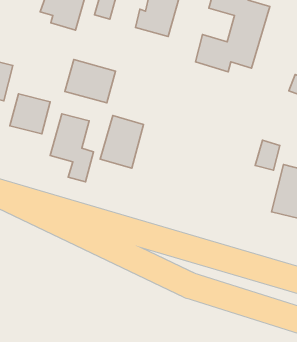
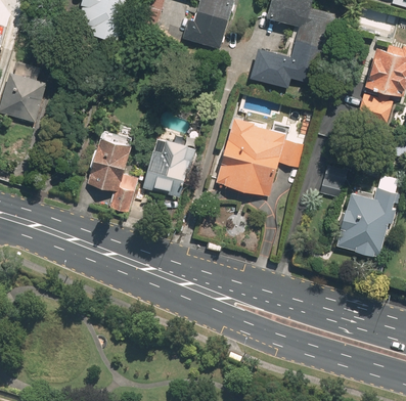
building: [65,60,116,103] -> none
building: [10,94,50,134] -> none
building: none -> [216,116,305,195]

